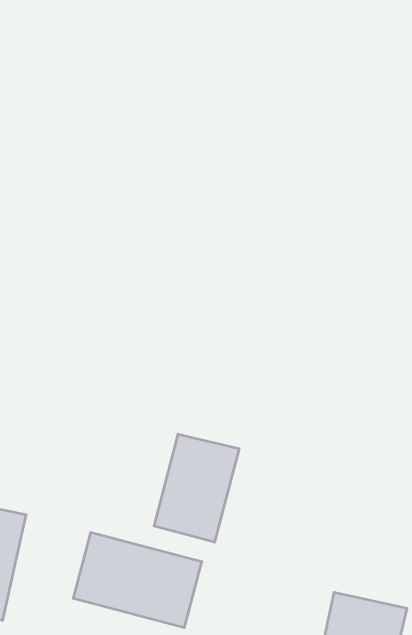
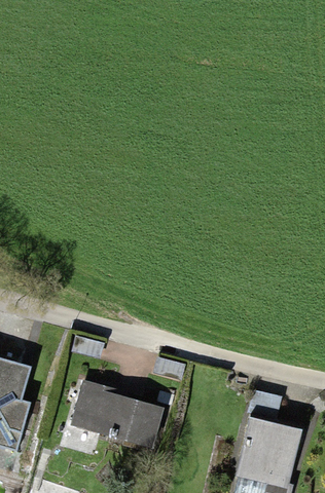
building: [154,434,239,542] -> none

